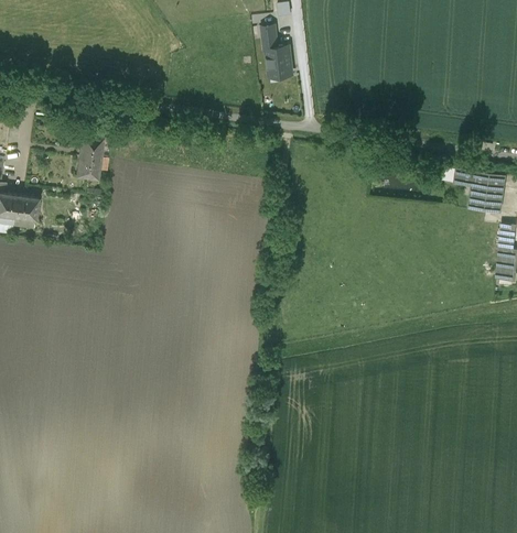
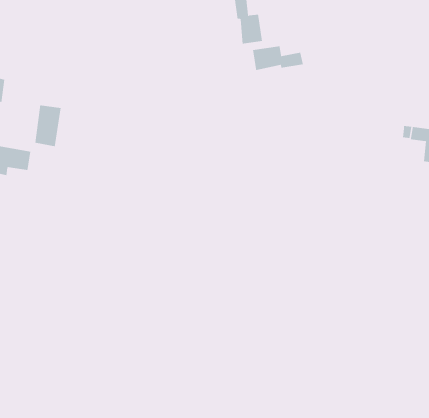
building: none -> [253,46,303,71]
building: [75,133,105,180] -> [34,105,61,147]

